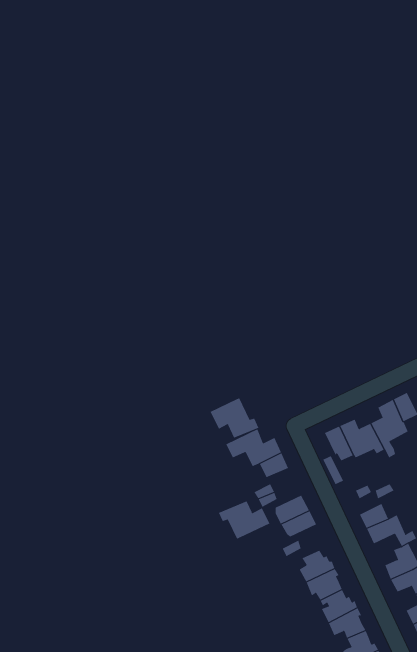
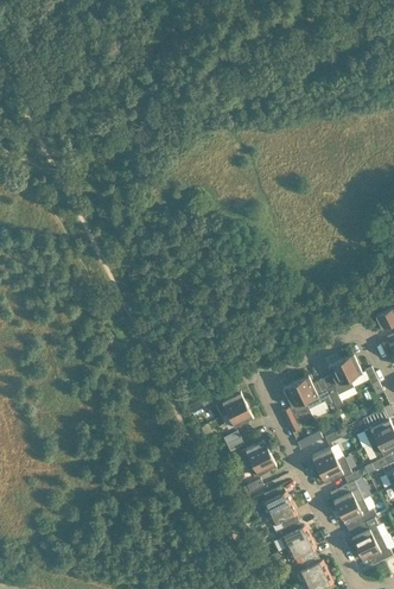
building: [210,397,259,439] -> none
building: [218,501,270,539] -> none

